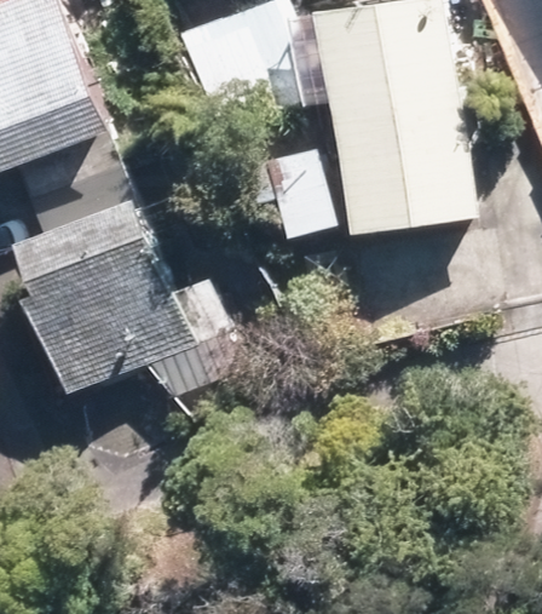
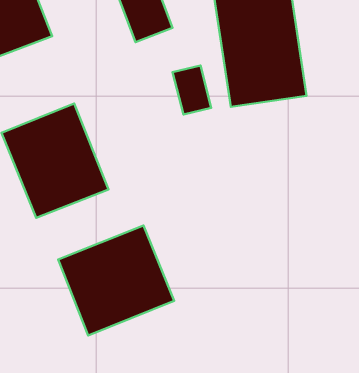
building: none -> [58,226,174,335]

